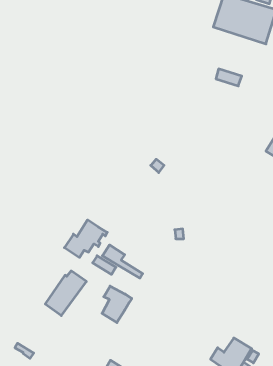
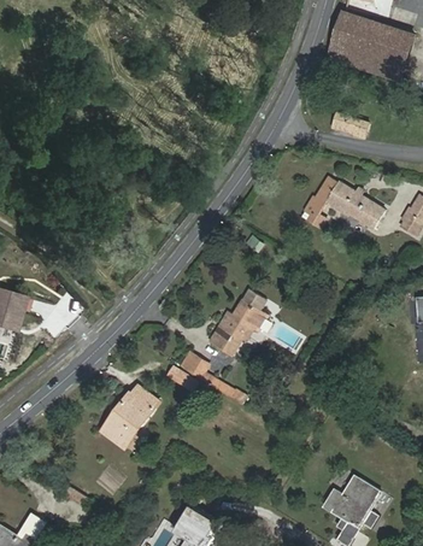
building: none -> [304,177,382,227]
building: [64,220,107,257] -> [210,301,268,352]
building: [102,286,132,323] -> none

